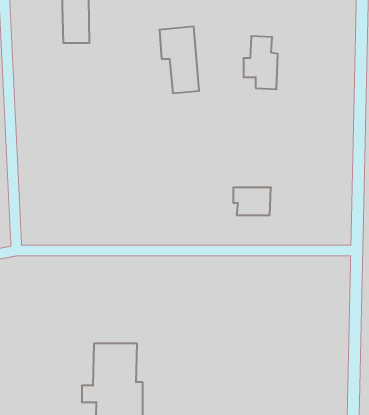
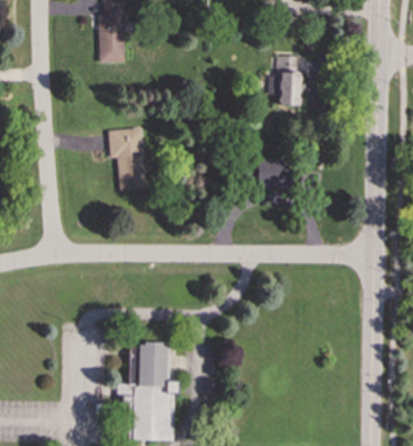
building: [159,27,199,93] -> [108,128,146,190]
building: [233,187,271,215] -> [256,161,291,187]

